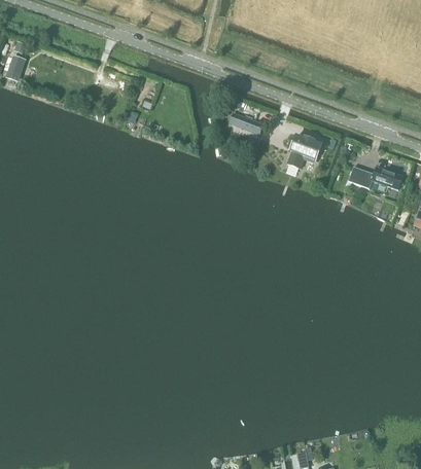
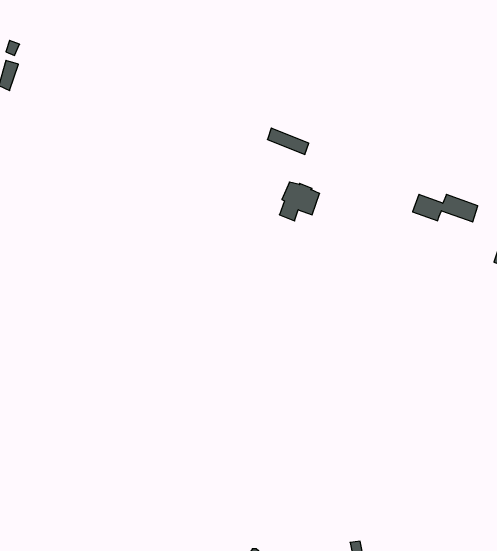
building: [287,137,320,169] -> [279,182,320,221]

